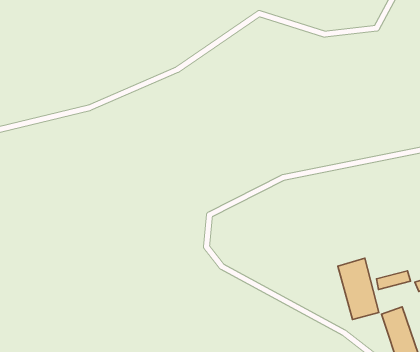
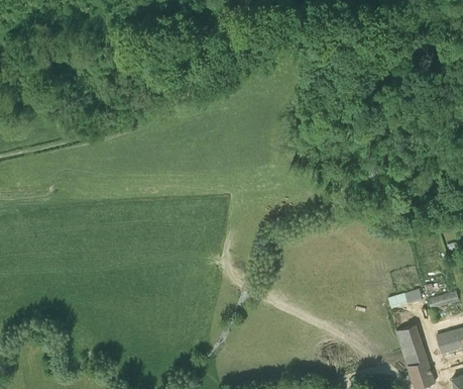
building: [338,258,379,319] -> none

